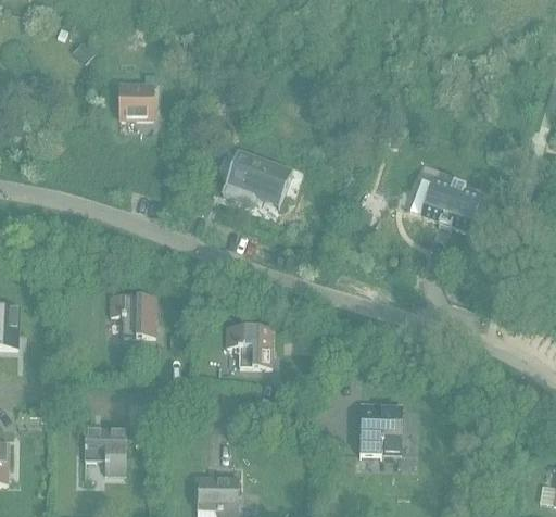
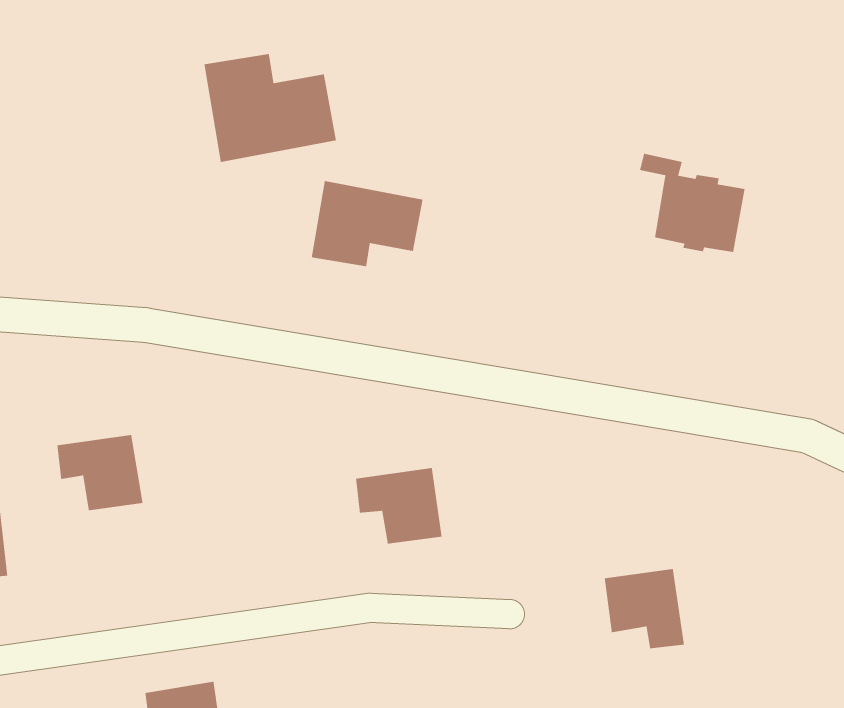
building: none -> [203,53,337,163]
building: [119,85,153,119] -> none
building: [110,294,155,337] -> [56,434,144,511]

